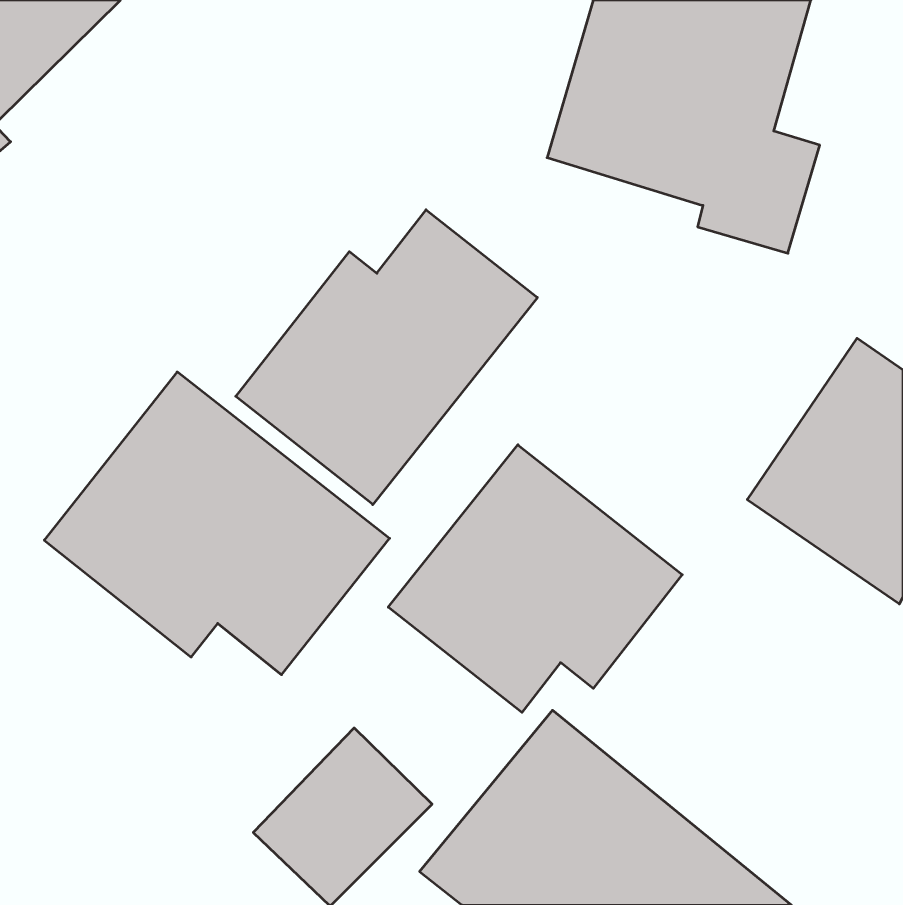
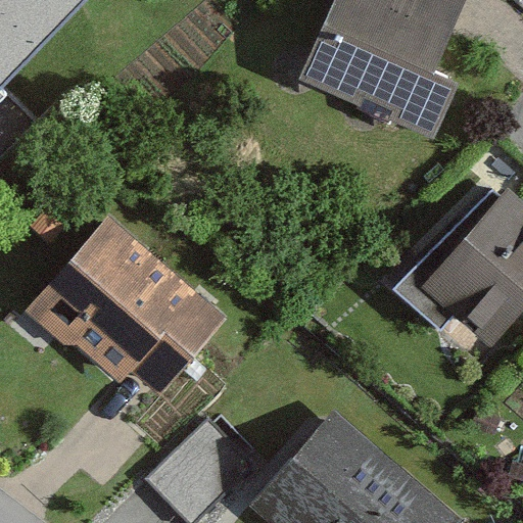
building: [236,210,537,505] -> none
building: [388,445,682,712] -> none

